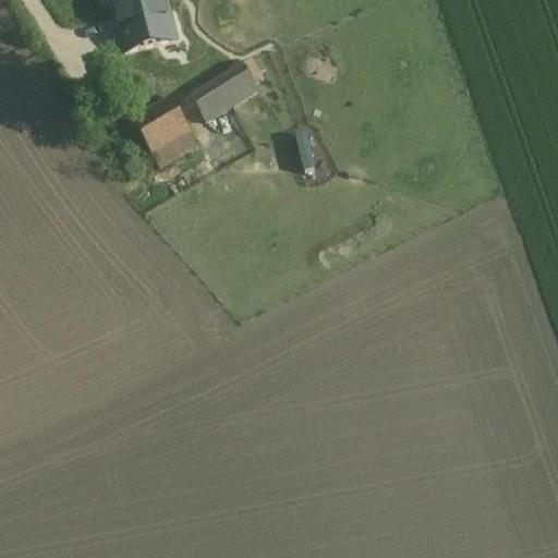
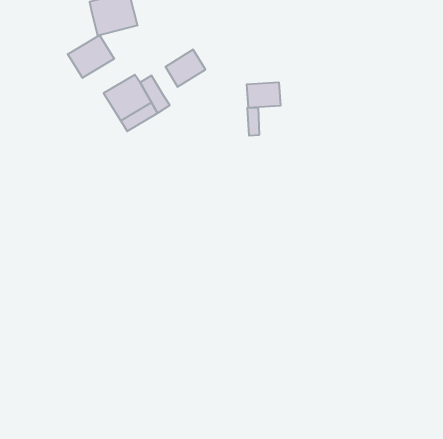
building: none -> [68,35,114,78]
building: [192,84,225,120] -> none
building: none -> [247,82,280,108]

